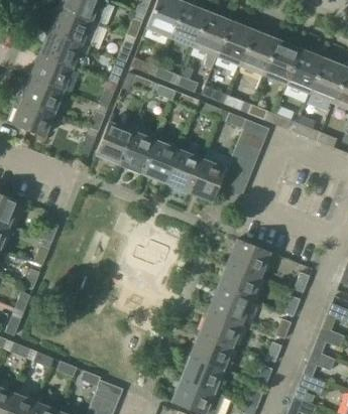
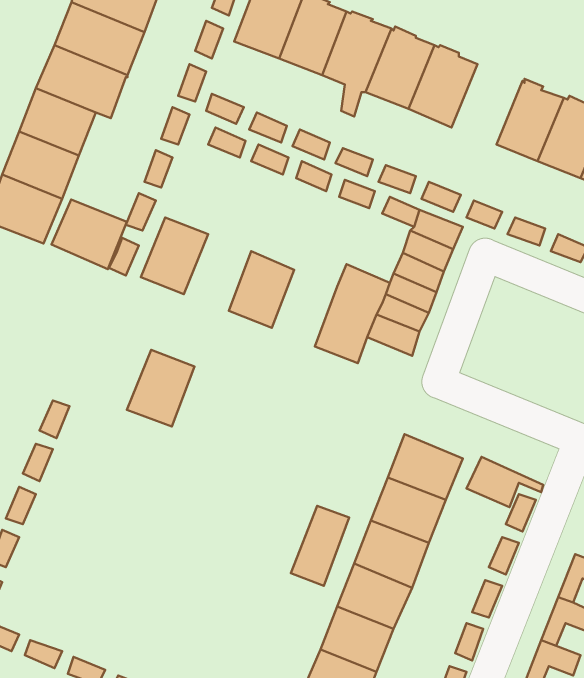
building: [263,39,302,84] -> none
building: none -> [52,200,127,269]
building: [119,132,155,173] -> [127,350,194,427]
building: [166,151,202,192] -> none
building: none -> [291,506,349,586]

